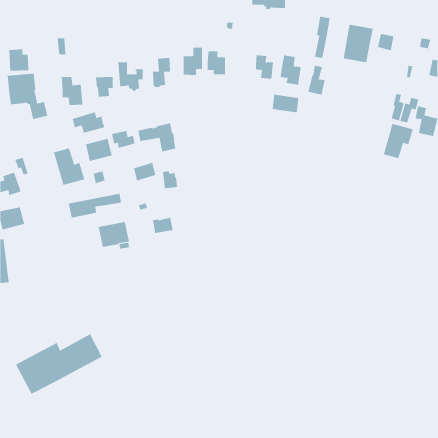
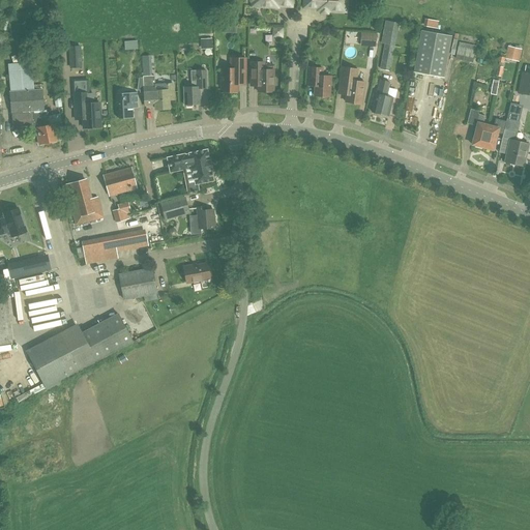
building: [272,94,299,113] -> none
building: [72,112,105,133] -> none
building: [383,123,413,159] -> none
building: [111,130,135,148] -> none
building: [15,334,103,395] -> [26,313,131,386]

